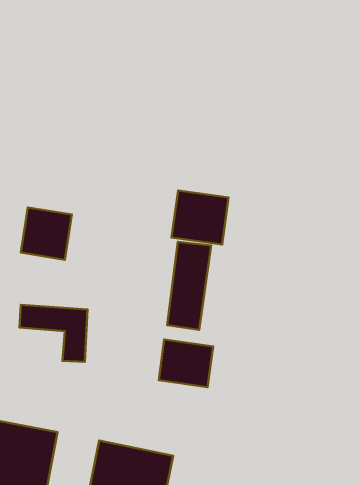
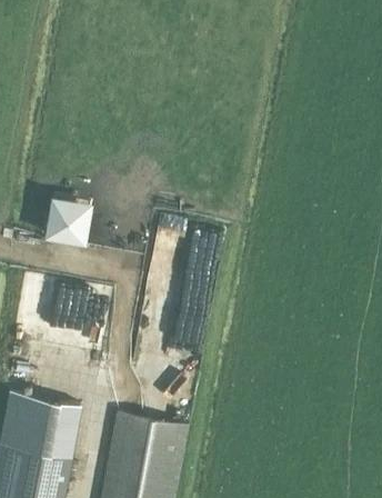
building: [172,190,229,244] -> none
building: [159,340,213,387] -> none

